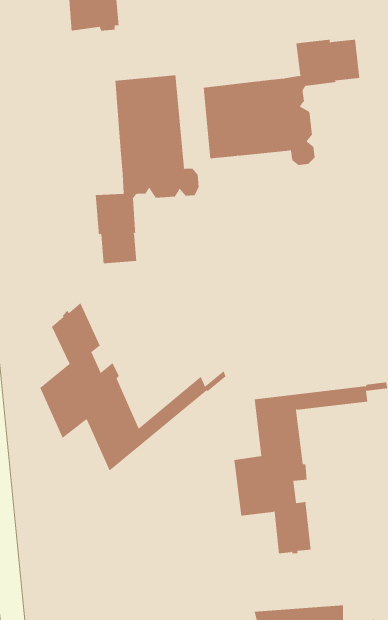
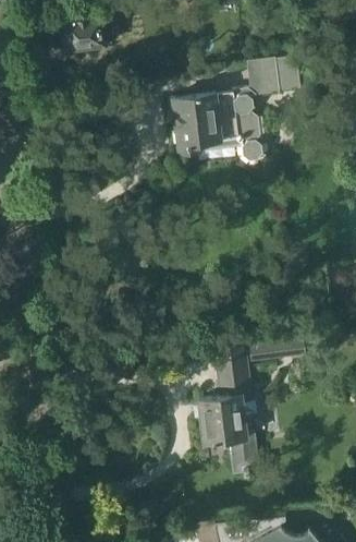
building: [95,74,199,264] -> none
building: [40,302,226,471] -> none

